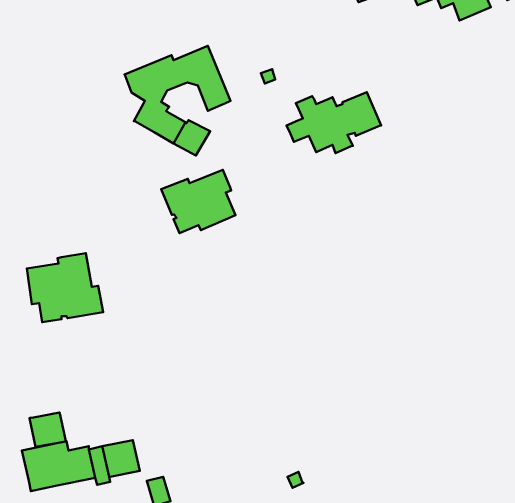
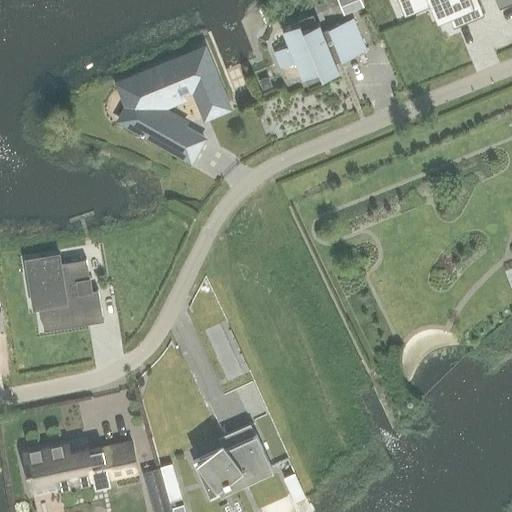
building: [287,92,381,153] -> [273,17,366,77]
building: [161,170,236,233] -> none
building: [29,413,66,447] -> none
building: none -> [192,421,271,497]

